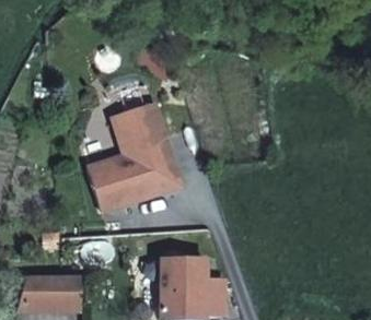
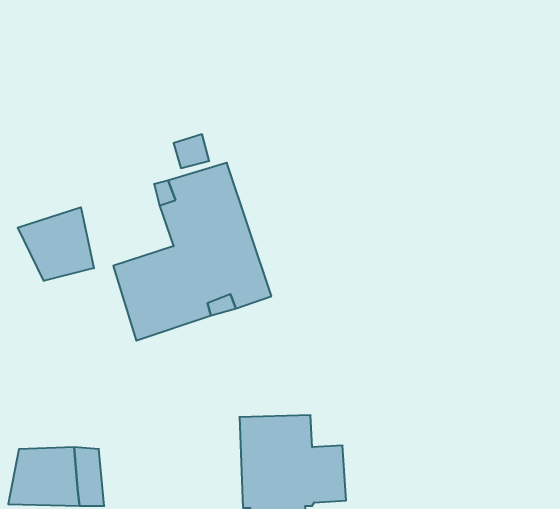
building: none -> [18,207,94,281]

